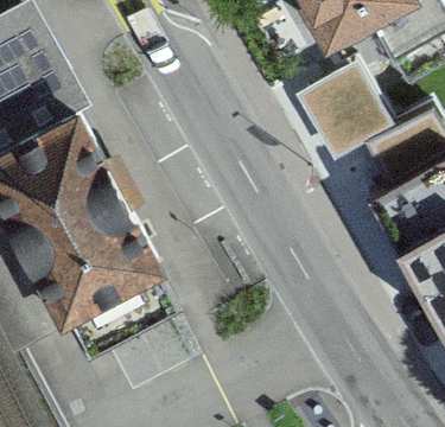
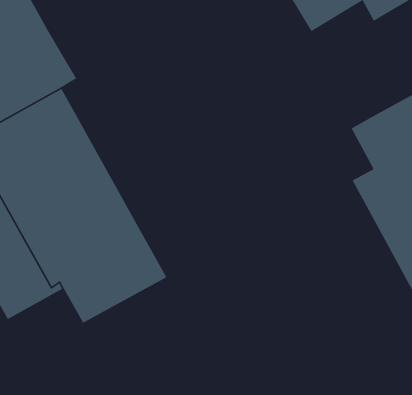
building: [292,60,390,165] -> none

